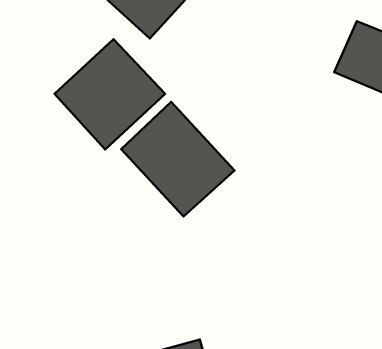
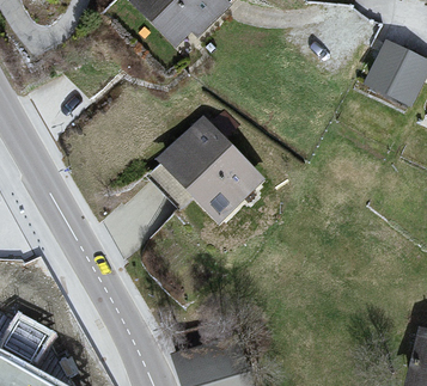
building: [55,39,165,149] -> none

